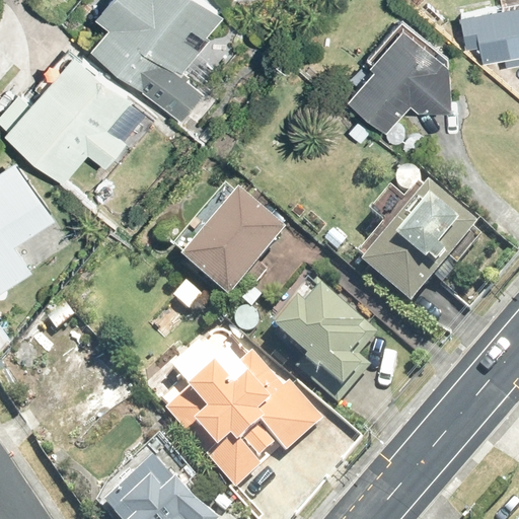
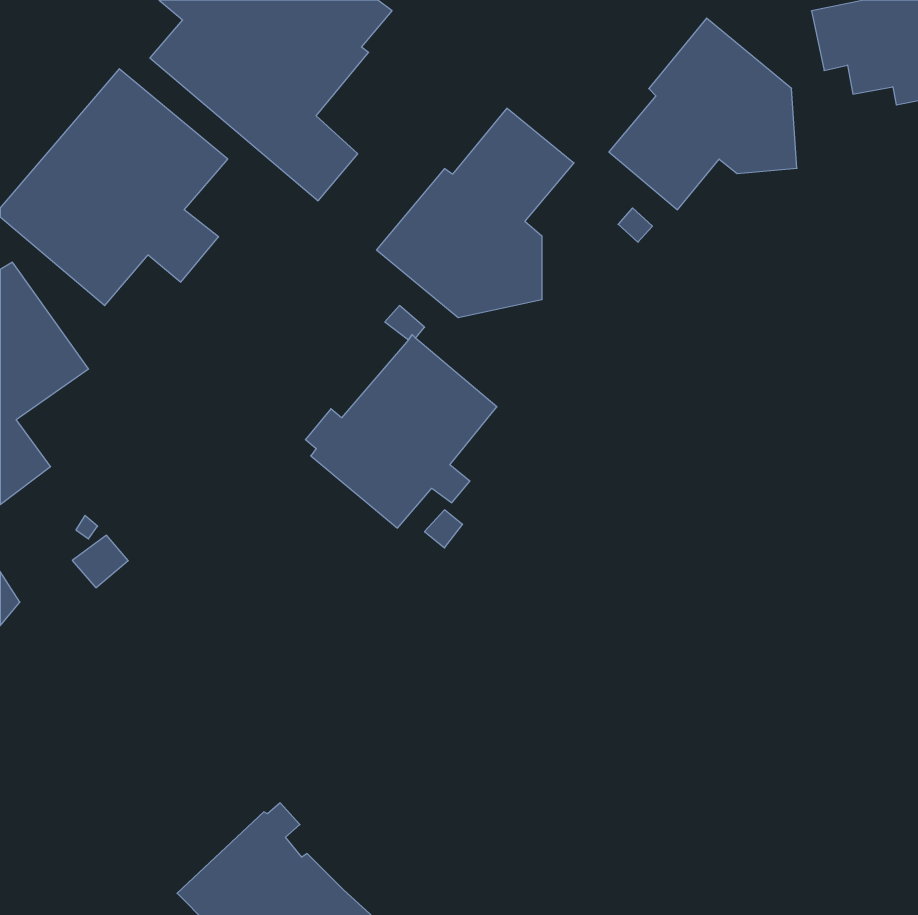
building: none -> [377,108,574,318]
building: [359,187,475,308] -> none
building: [271,288,377,409] -> none
building: [164,358,323,493] -> none

